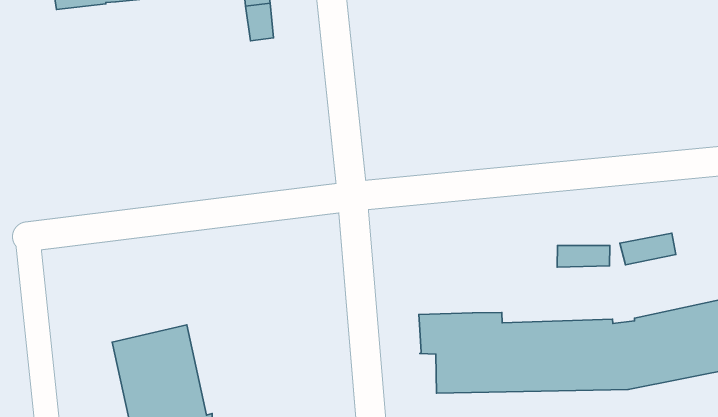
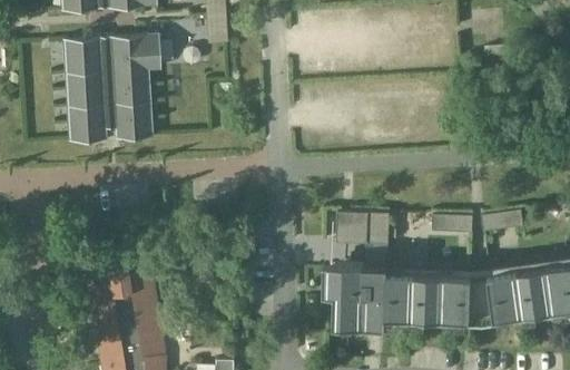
building: none -> [63,36,161,144]
building: none -> [338,213,392,246]

